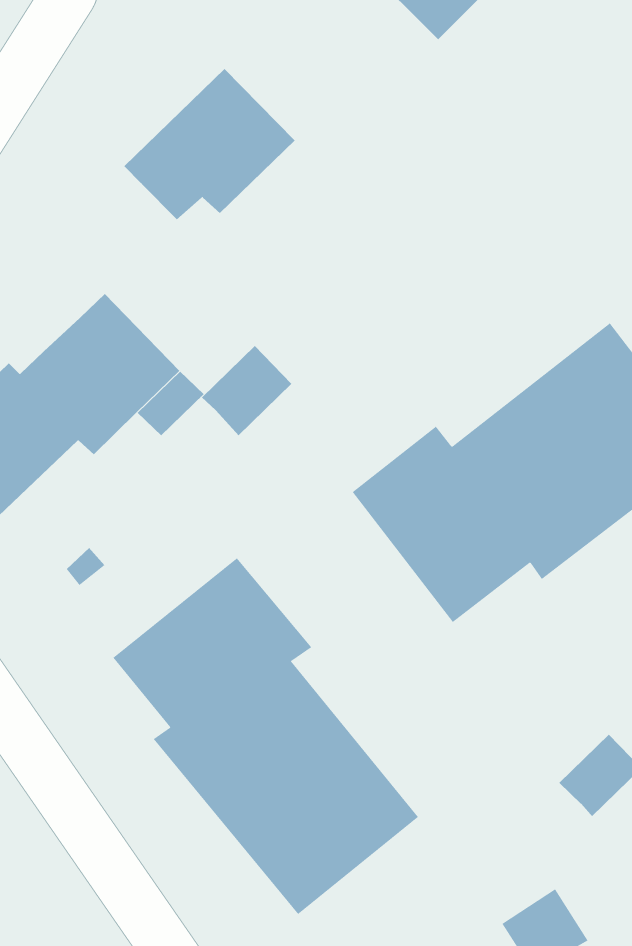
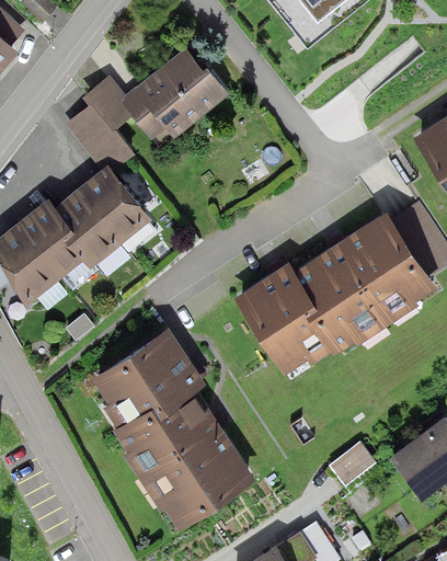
building: none -> [71,78,135,170]
building: [201,345,292,436] -> none

